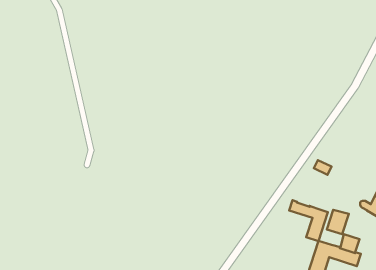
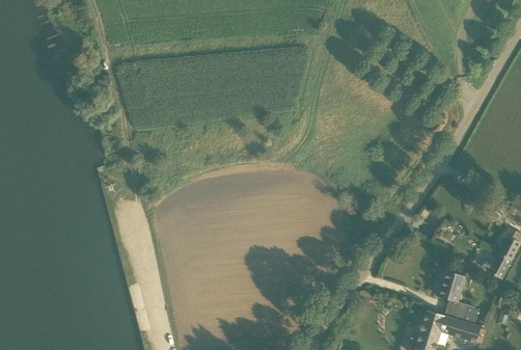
building: [289,200,328,241] -> none

